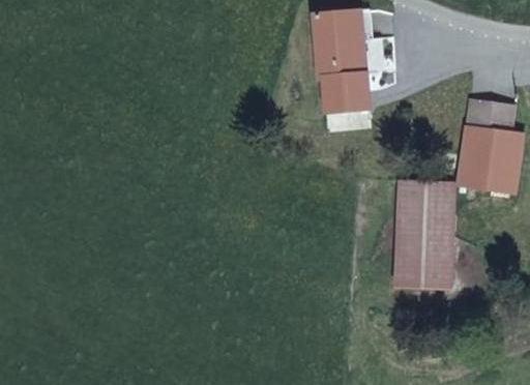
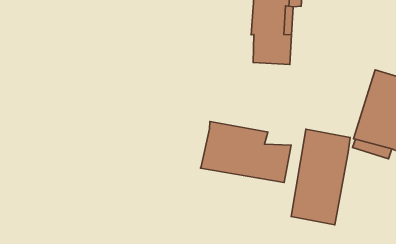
building: none -> [201,121,291,182]

